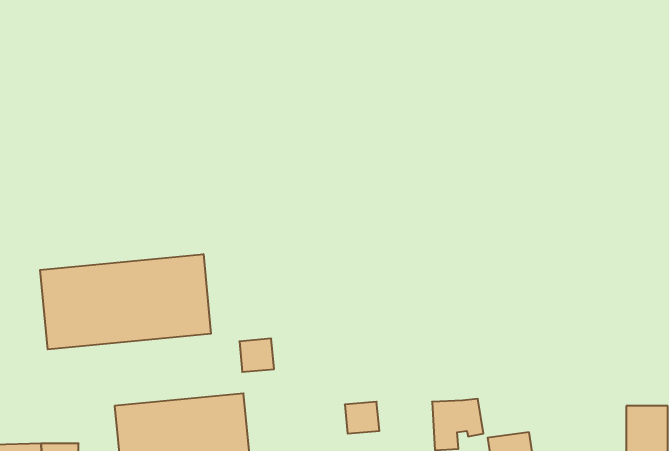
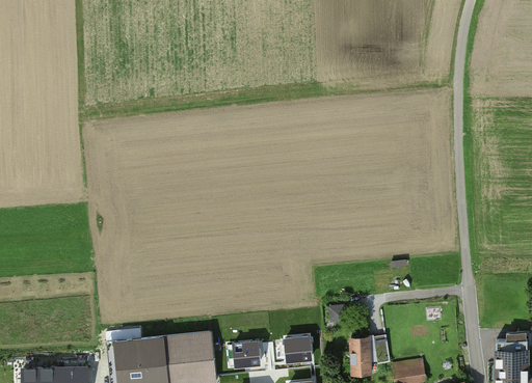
building: [40,254,211,349] -> none
building: [239,339,274,372] -> [233,341,259,366]

